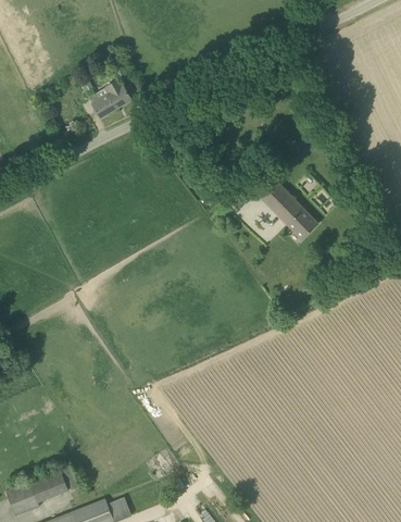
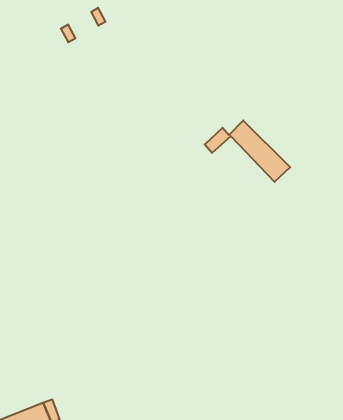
building: [90,78,130,119] -> none

